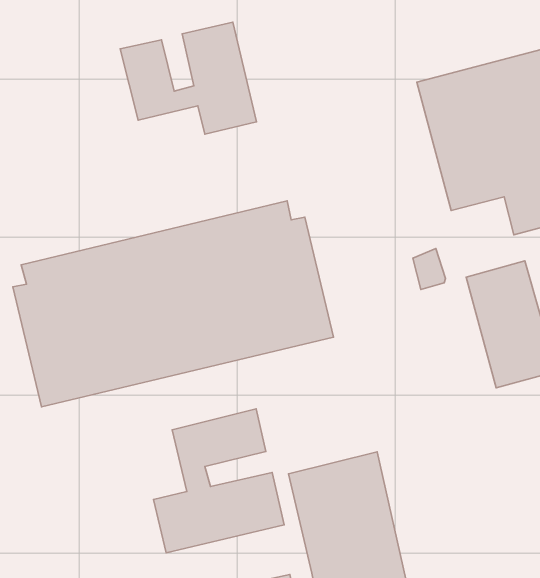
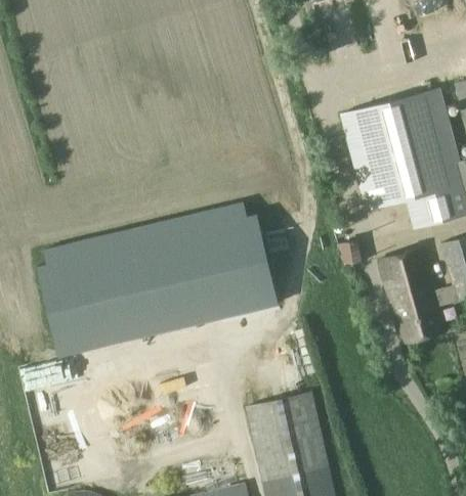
building: [120,22,257,134] -> none
building: [153,409,284,553] -> none

